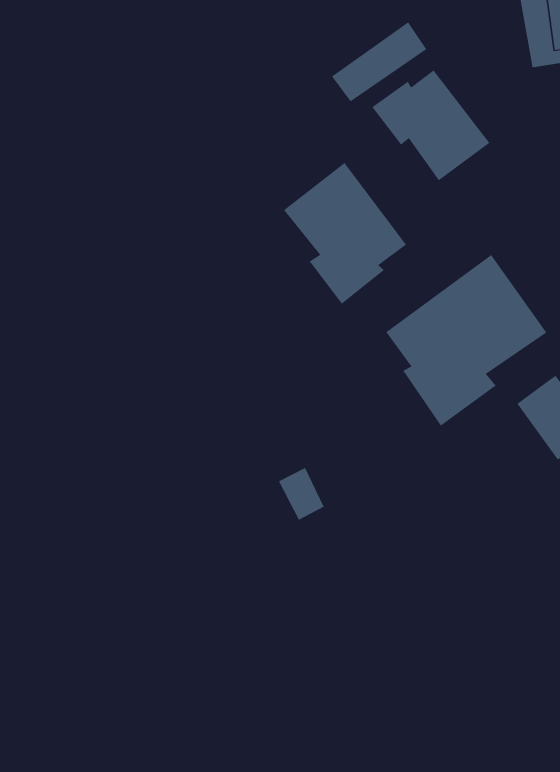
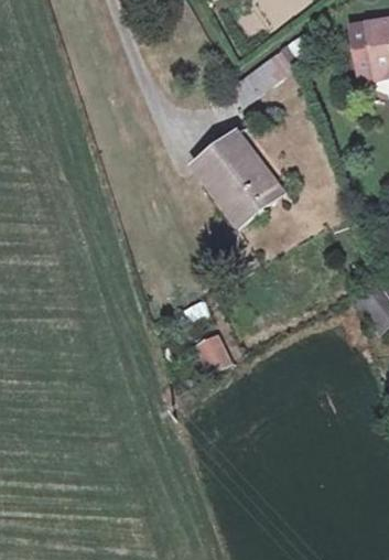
building: [372,69,490,181] -> none
building: [385,254,547,426] -> none

